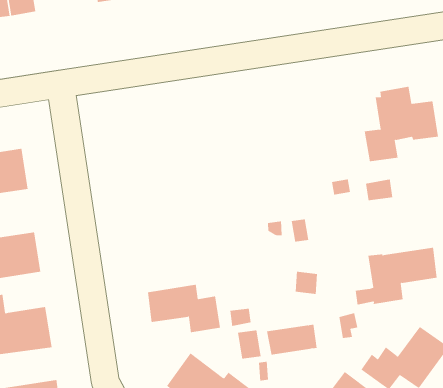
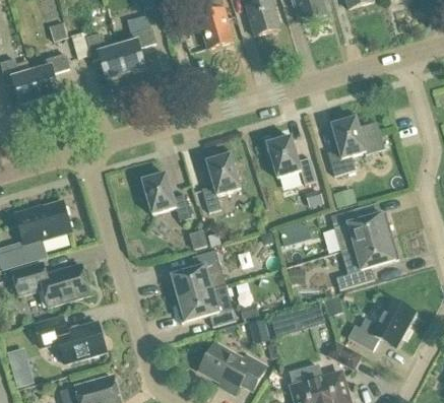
building: none -> [263,134,316,184]
building: none -> [201,149,240,212]
building: none -> [138,171,191,220]
building: none -> [330,209,392,249]
building: none -> [167,250,225,299]

